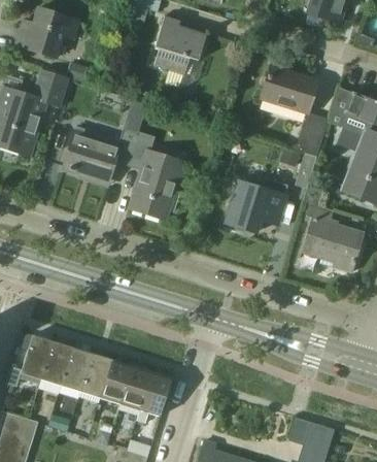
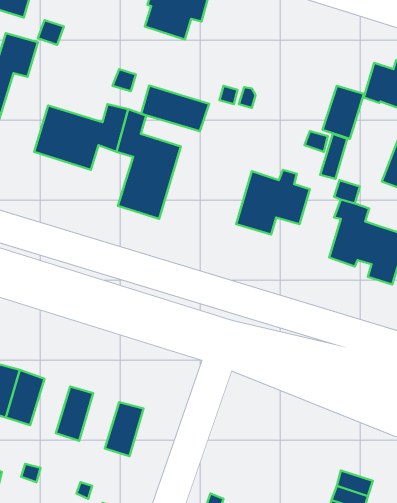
building: [260,67,317,113] -> none
building: none -> [141,86,209,131]
building: [61,348,93,391] -> none
building: [100,359,132,403] -> none
building: [140,371,171,416] -> none

